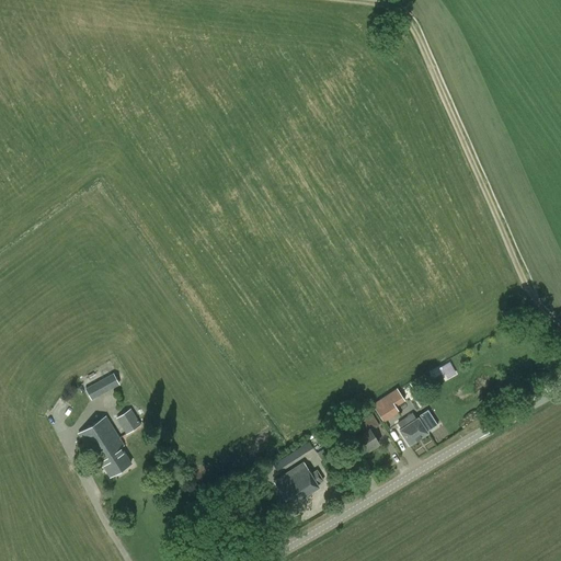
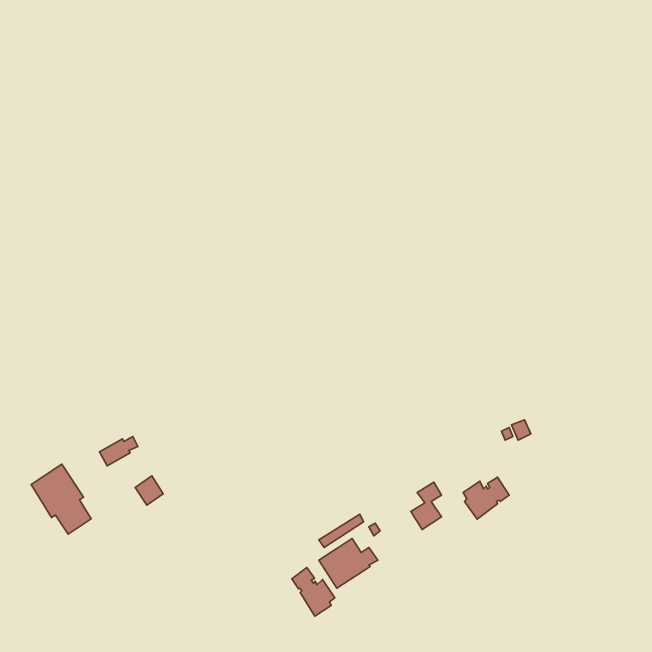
building: [373,388,405,422] -> none
building: [79,416,130,477] -> [31,464,91,534]
building: none -> [292,568,335,616]

